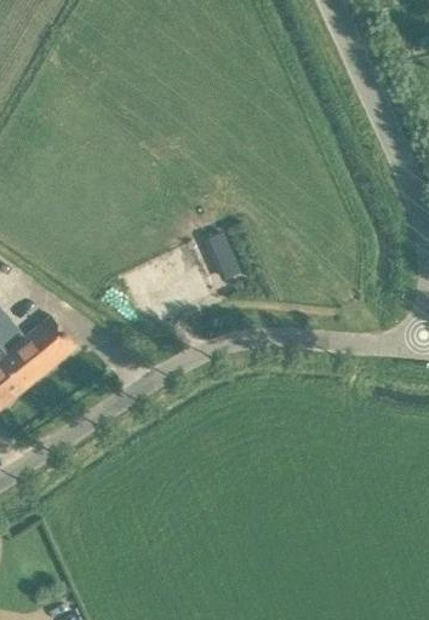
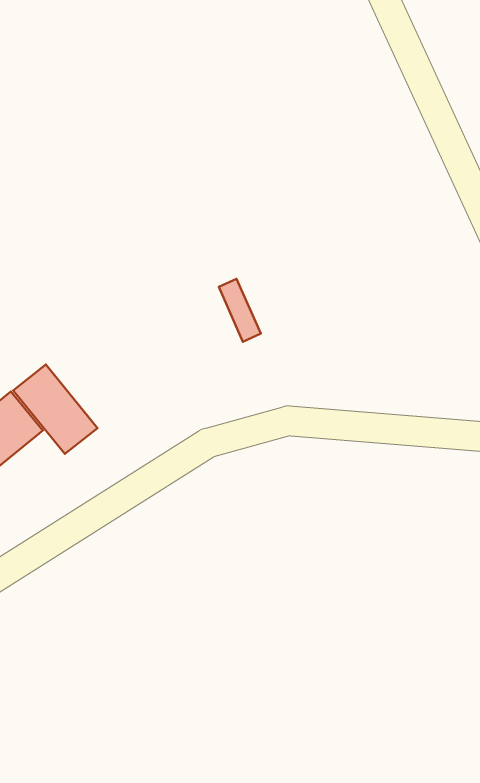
building: none -> [13,365,97,454]

